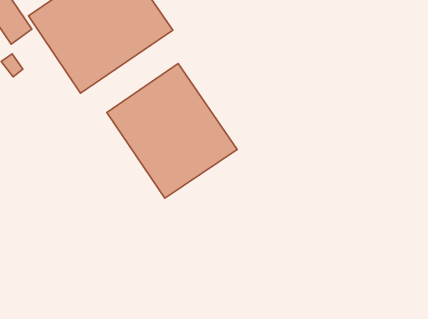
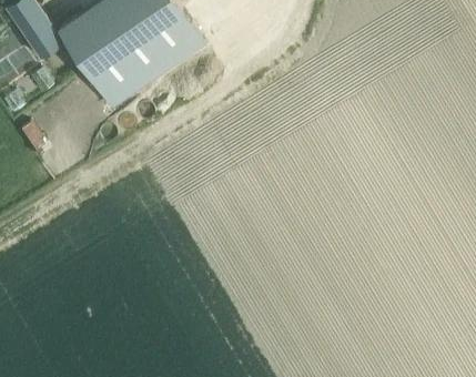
building: [107,63,237,198] -> none

